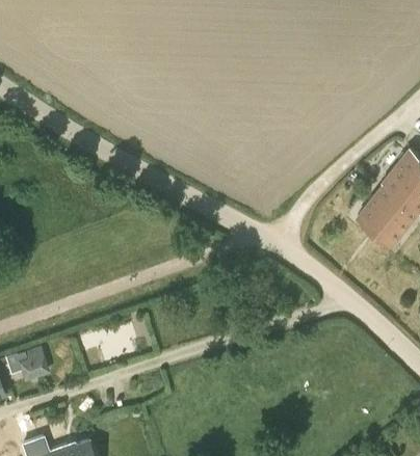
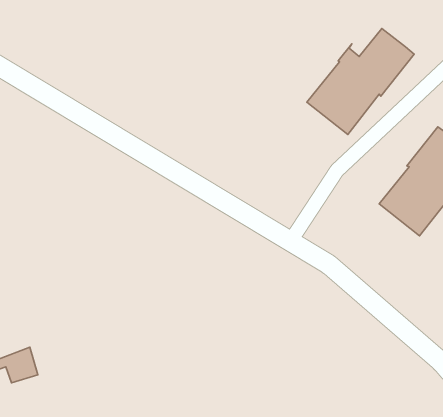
building: none -> [307,28,414,135]

